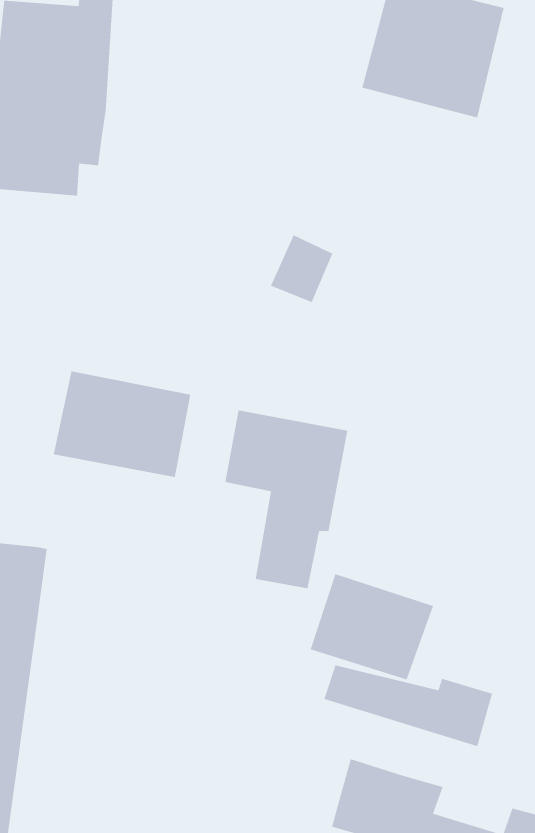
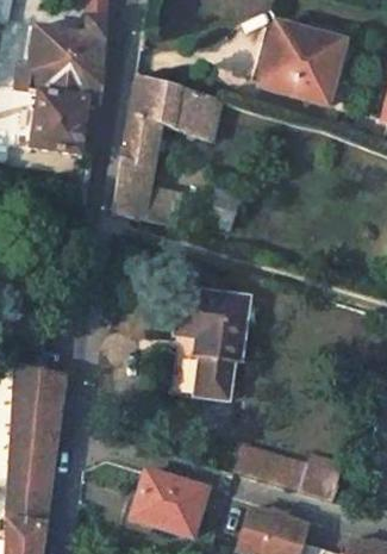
building: none -> [113,76,221,226]
building: [53,371,191,478] -> none
building: [310,573,434,680] -> [130,473,207,540]

